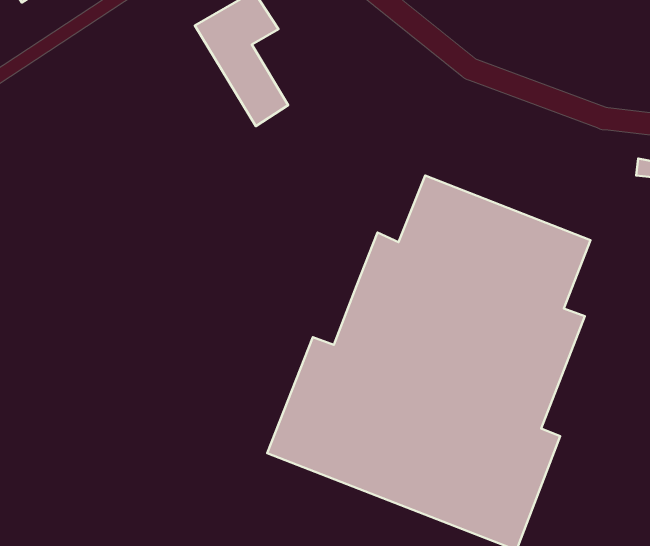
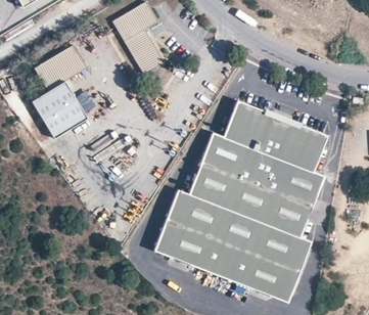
building: none -> [35,44,91,138]

